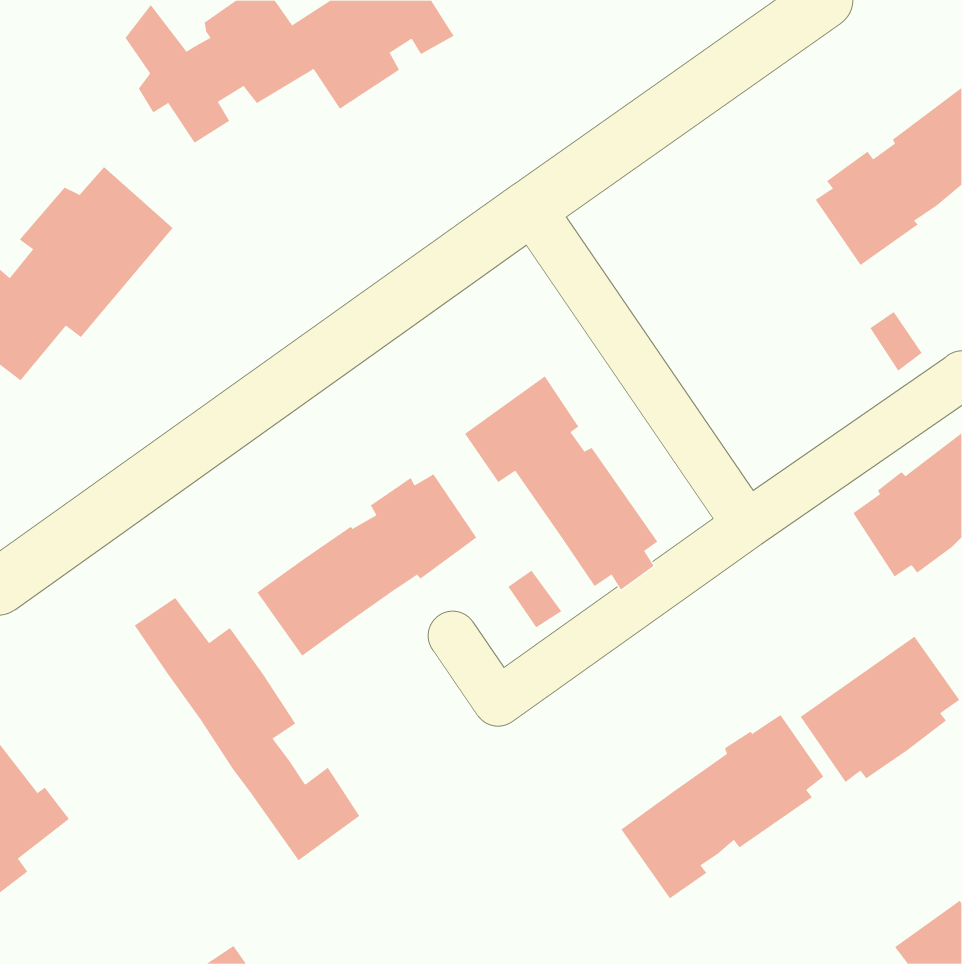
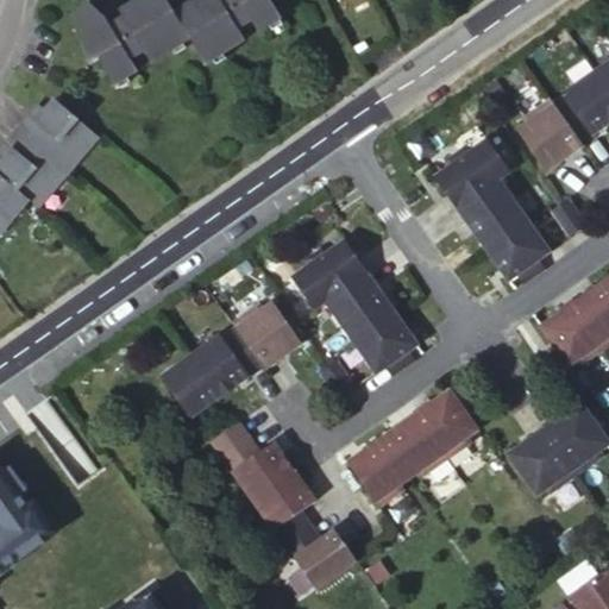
building: none -> [434,137,546,281]
building: [134,597,360,861] -> [212,420,354,586]
building: [620,714,824,899] -> [346,388,475,504]

